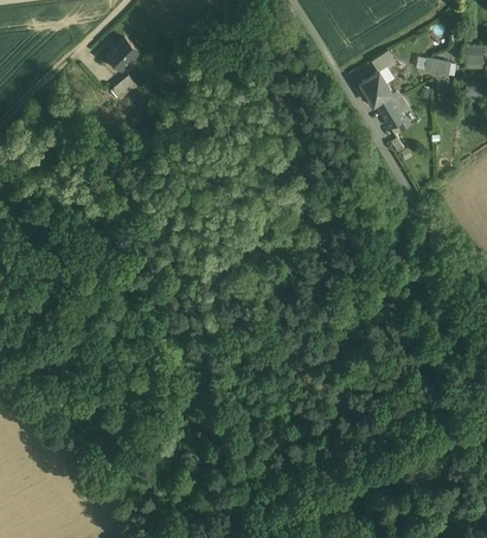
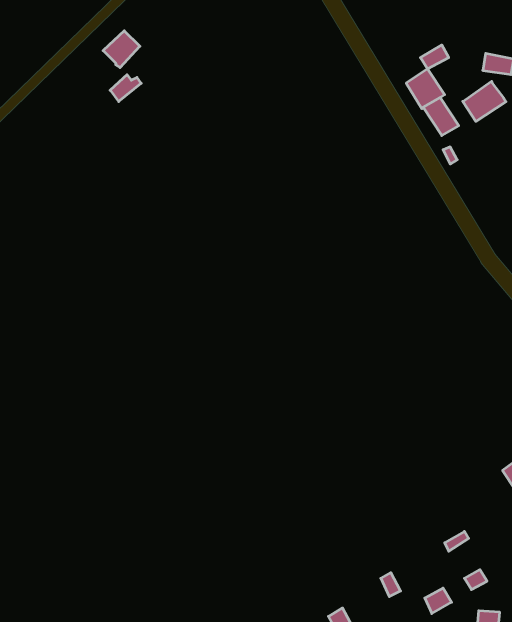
building: none -> [463,81,506,121]

